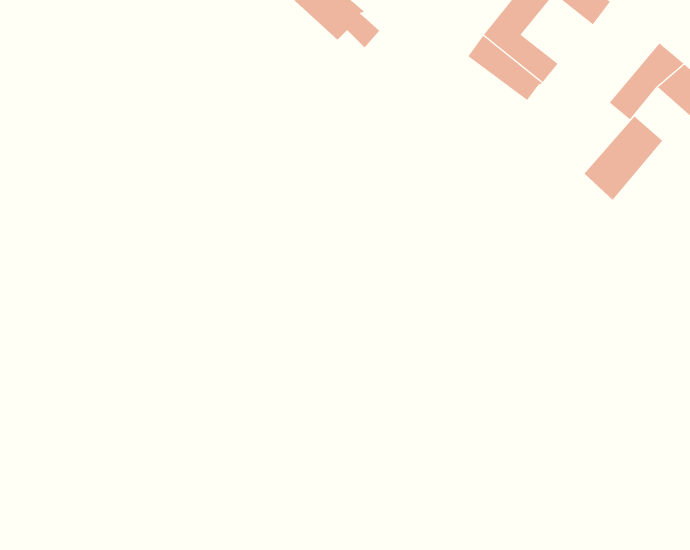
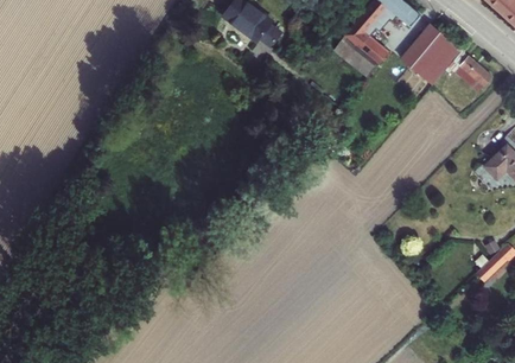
building: [584,116,663,201] -> [403,24,452,76]

